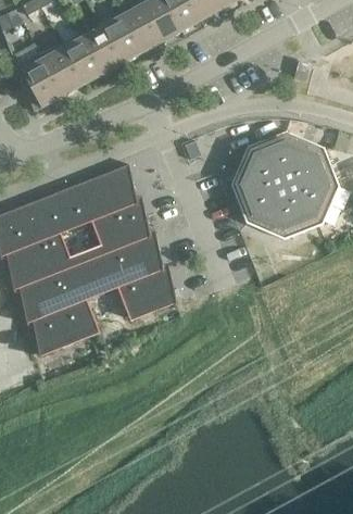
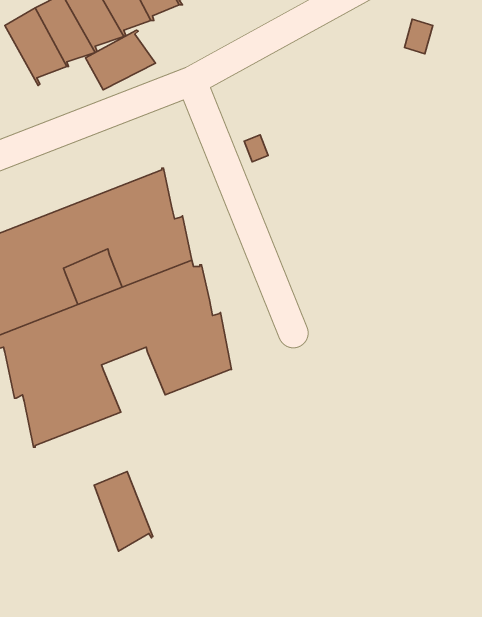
building: none -> [85,30,156,90]
building: [230,131,340,241] -> none
building: none -> [94,472,153,551]

